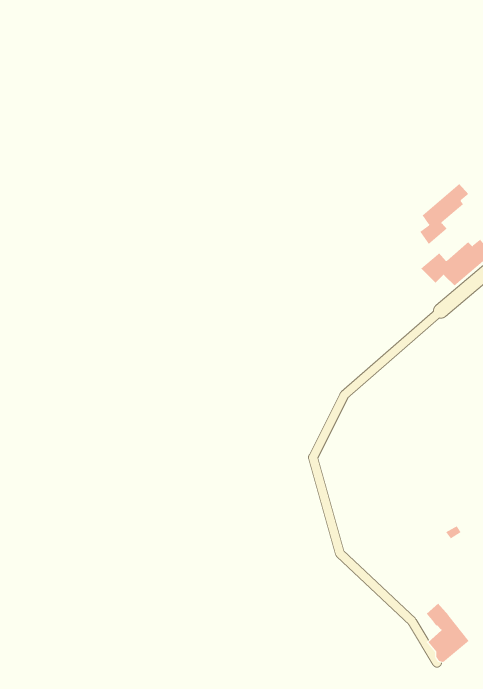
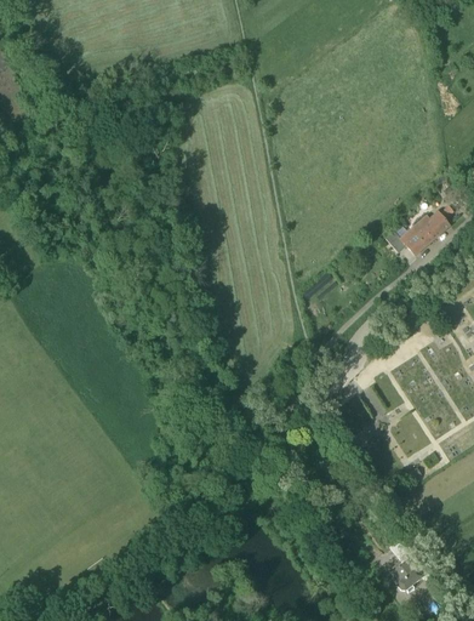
building: [419,183,469,245] -> none

